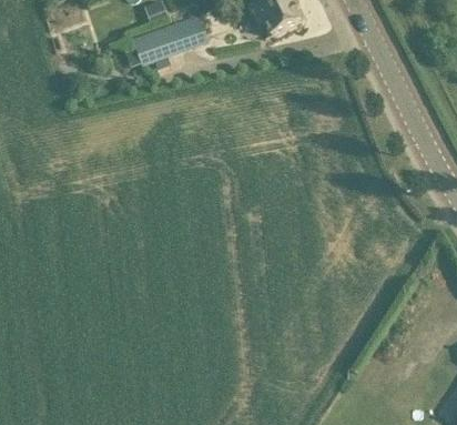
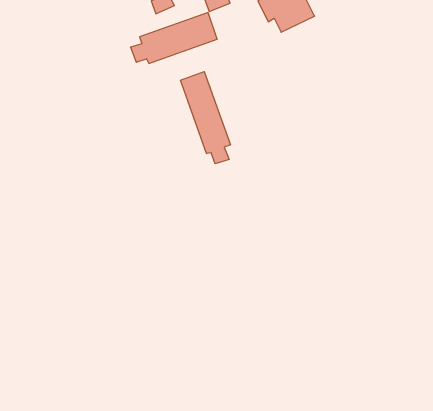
building: none -> [180,72,230,164]

